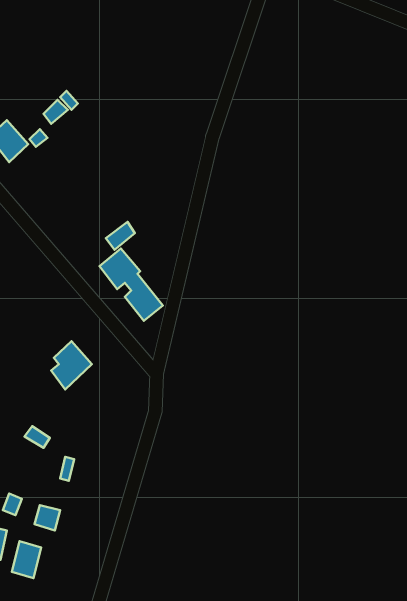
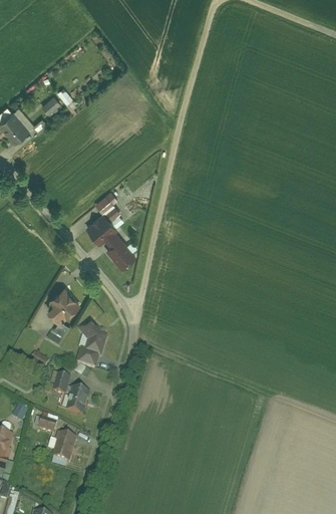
building: none -> [76,318,107,356]
building: none -> [65,389,89,417]
building: [12,541,41,578] -> [52,434,75,463]

